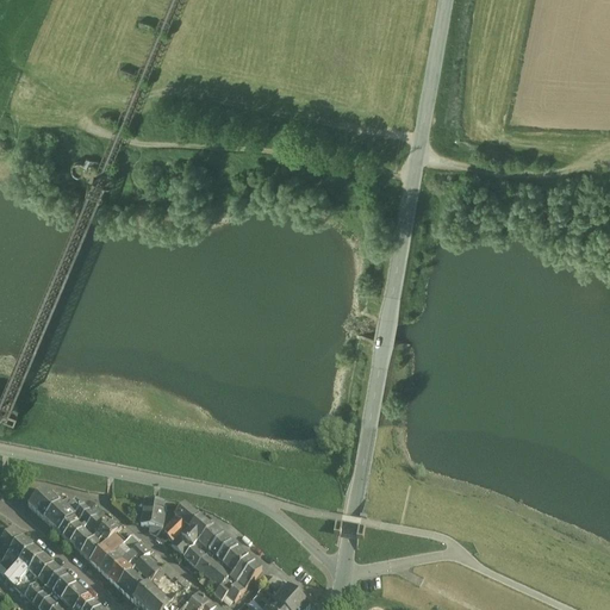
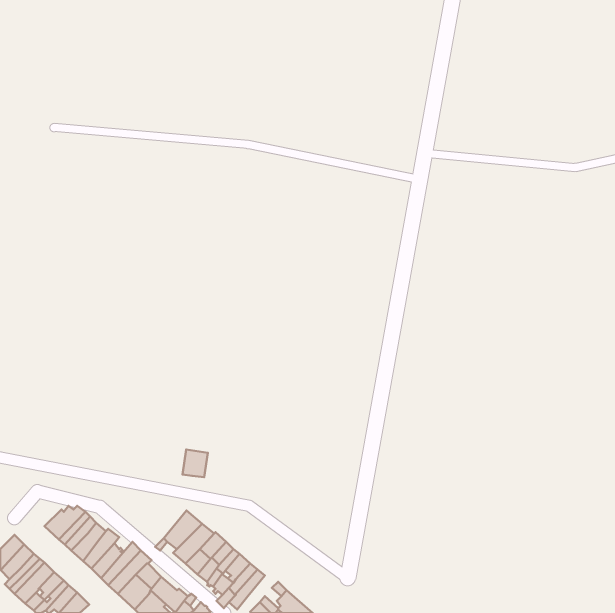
building: [29,488,61,521] -> none
building: [141,500,166,528] -> [183,449,208,477]

